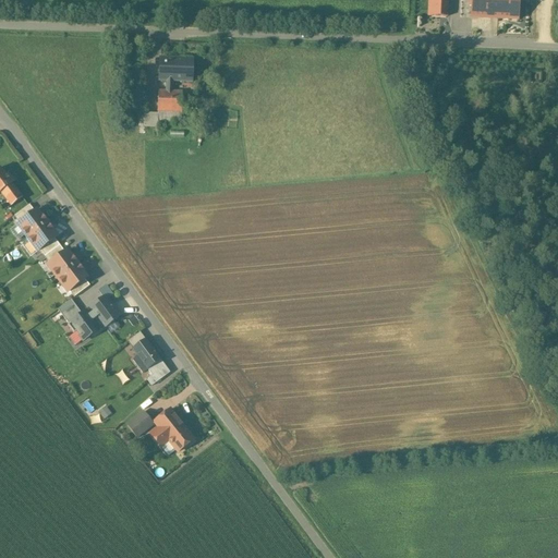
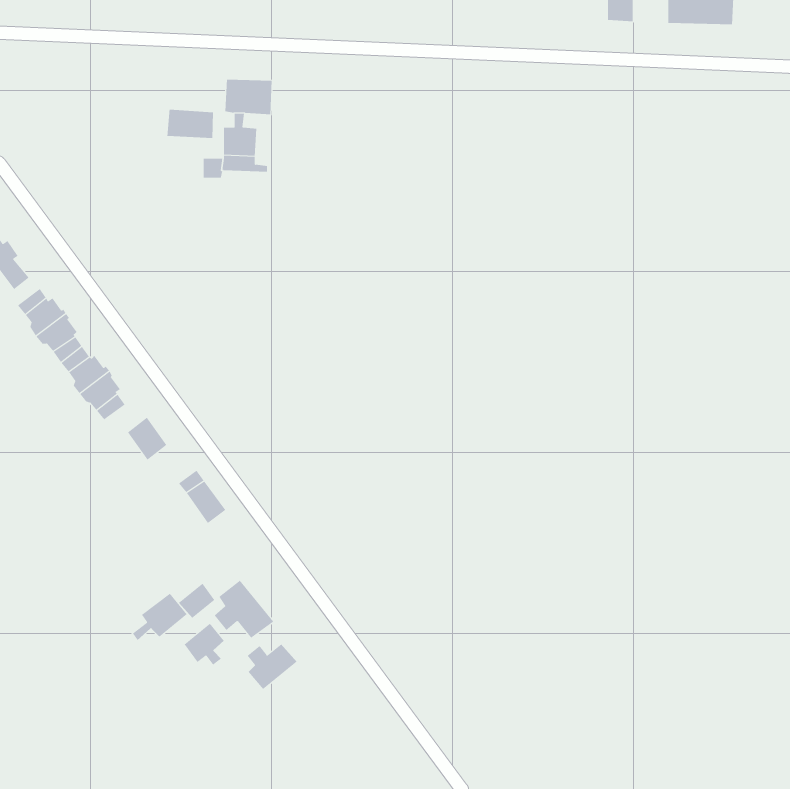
building: none -> [167,109,213,139]
building: [69,304,104,338] -> none
building: none -> [132,593,187,641]
building: none -> [184,623,225,666]
building: none -> [247,643,298,690]

